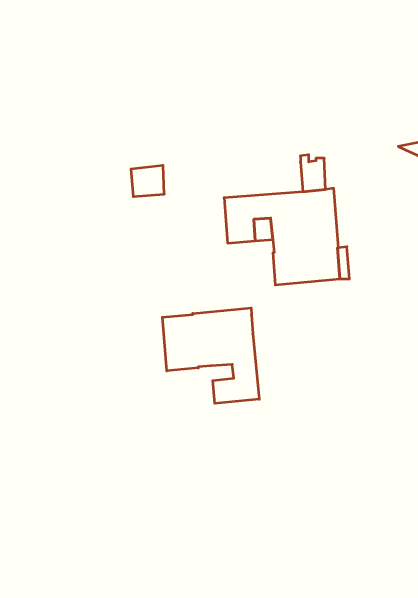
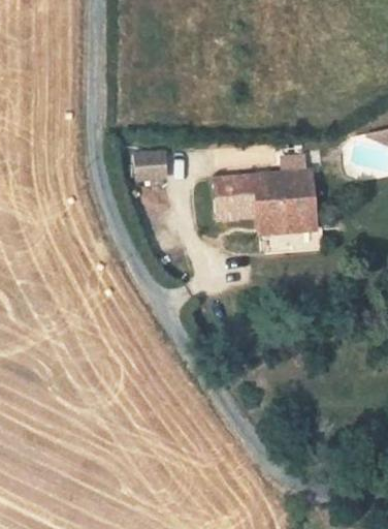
building: [162,308,259,403] -> none

